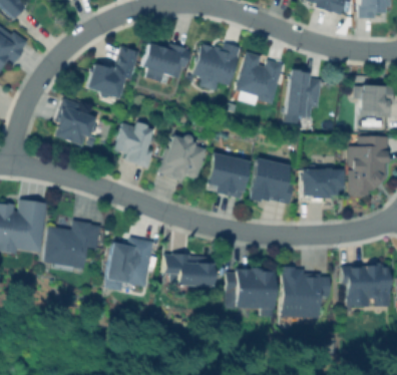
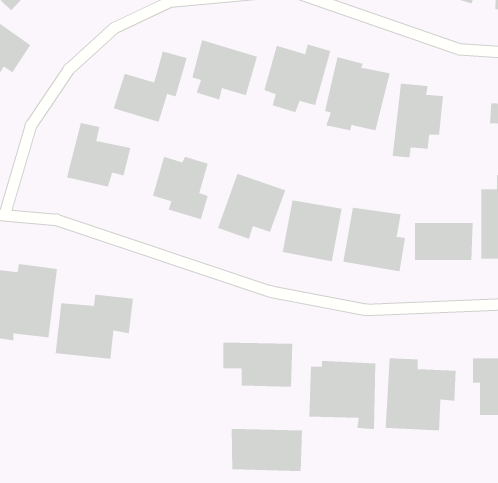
building: [106,238,154,287] -> none
building: none -> [231,428,302,472]

